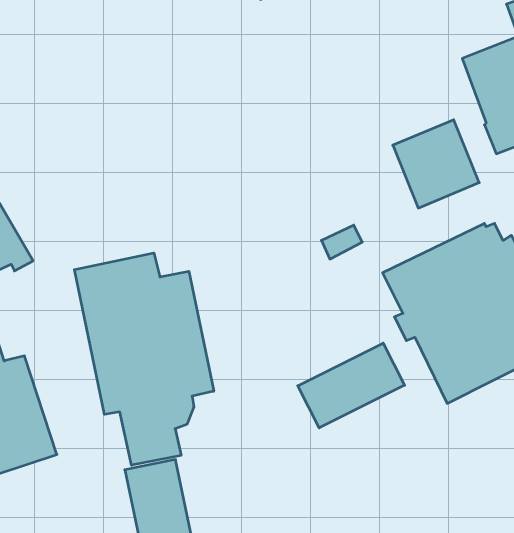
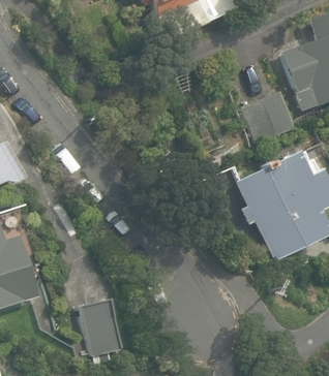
building: [74,253,214,465] -> none
building: [298,343,405,428] -> none

